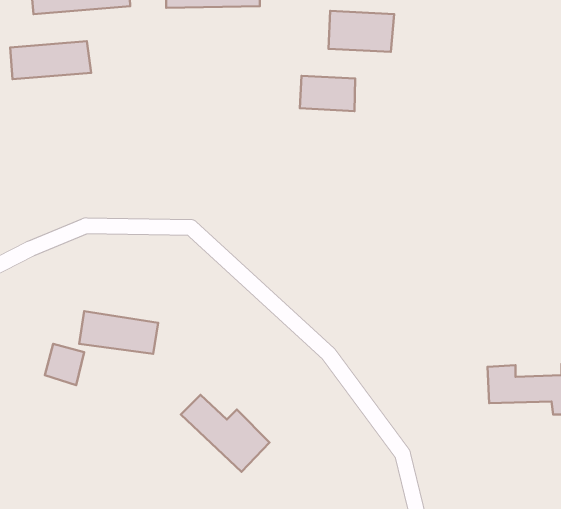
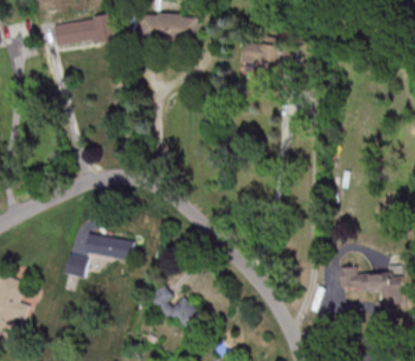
building: [10,41,91,79] -> none
building: [300,76,355,111] -> none

